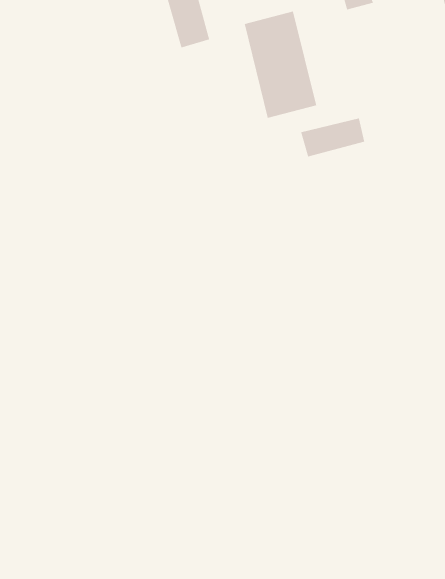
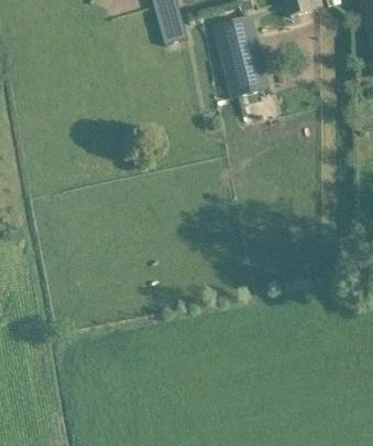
building: [300,117,365,157] -> none

